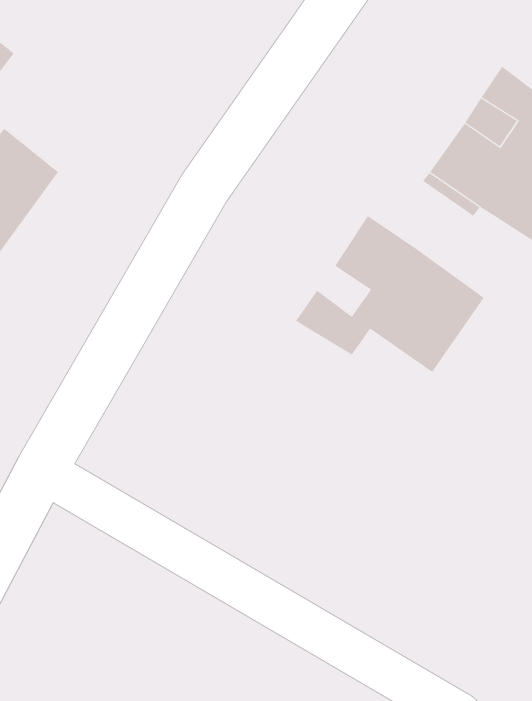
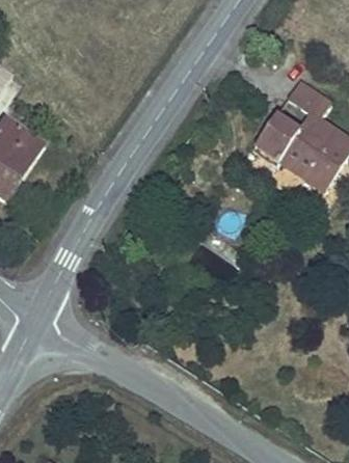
building: [295,215,484,373] -> none

